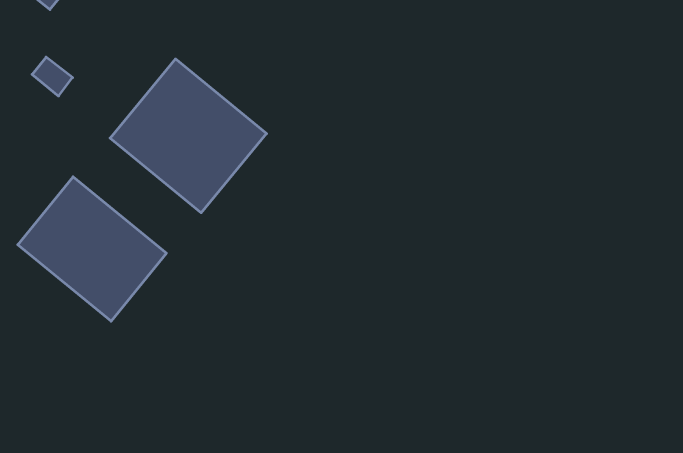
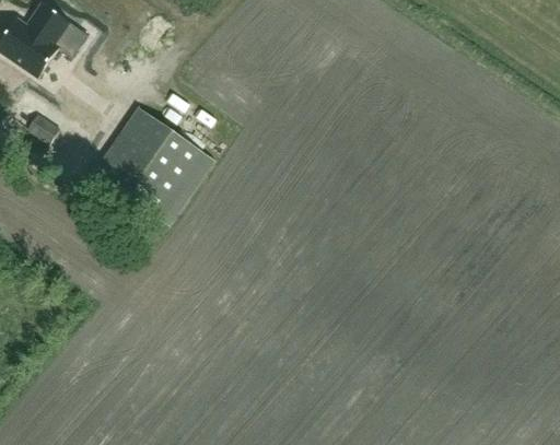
building: [18,177,166,321] -> none

